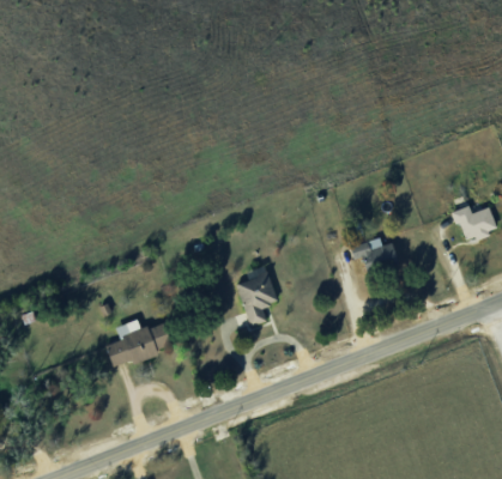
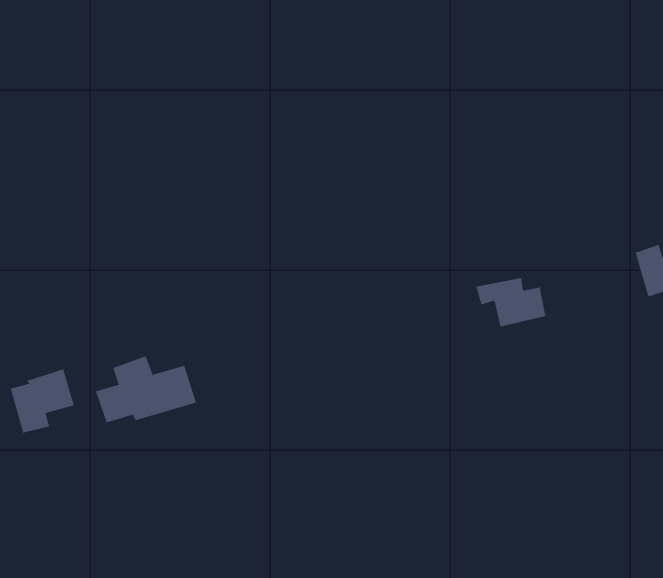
building: [235,265,278,327] -> none
building: none -> [10,368,74,433]

